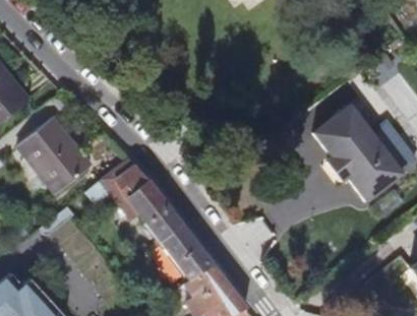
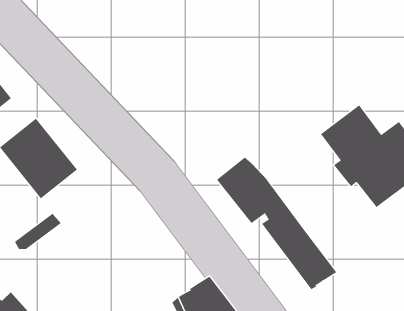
building: [101,157,213,280] -> [216,157,337,290]

